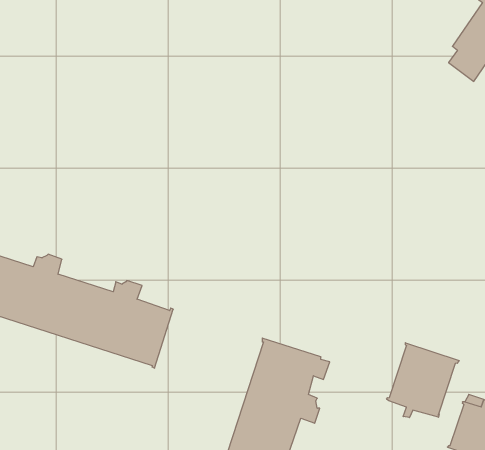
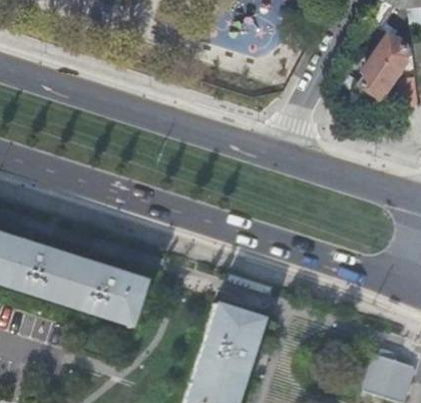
building: [387,343,459,418] -> none

